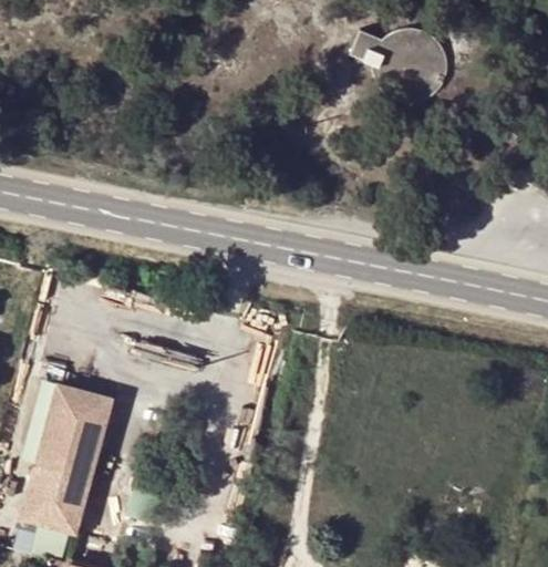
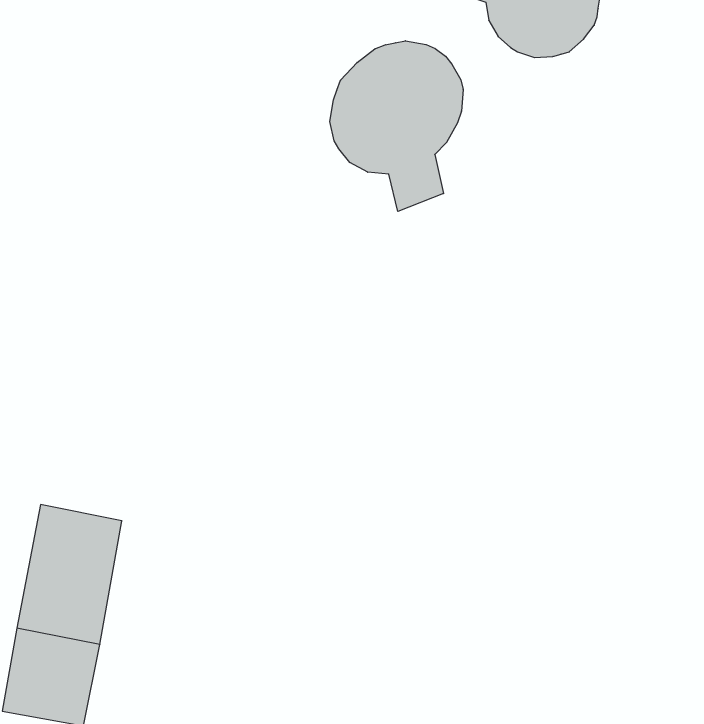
building: none -> [330,41,463,211]

